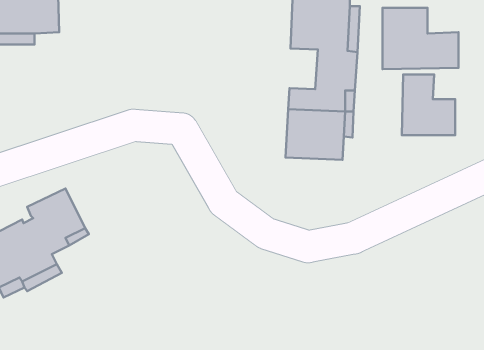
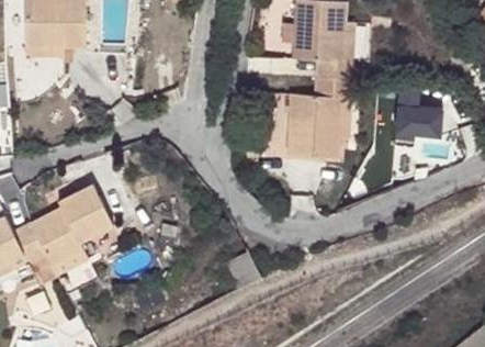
building: [383,8,458,69] -> none

